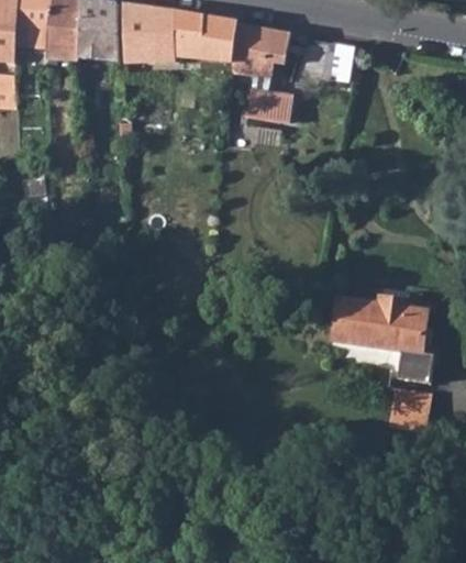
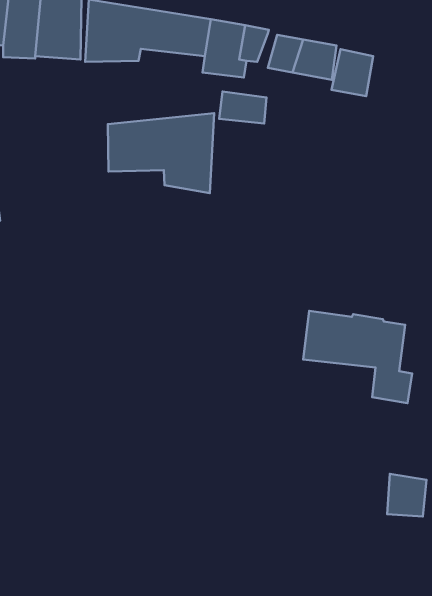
building: none -> [332,49,373,96]
building: none -> [108,113,214,193]
building: [395,388,431,428] -> [387,474,426,516]

